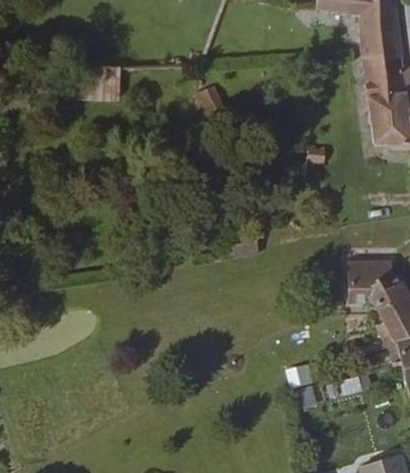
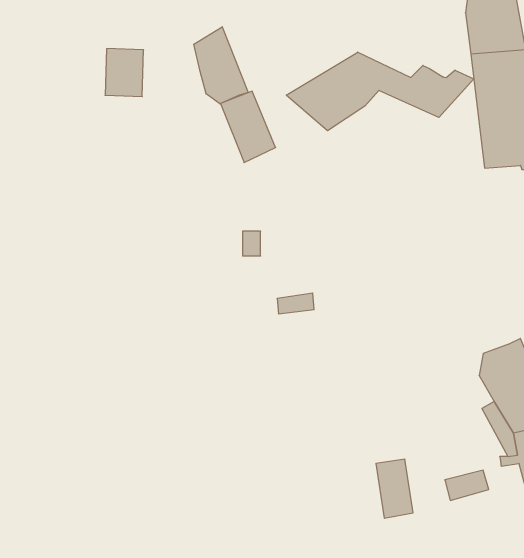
building: none -> [194,27,248,104]
building: none -> [286,52,474,131]
building: [344,259,392,301] -> none

